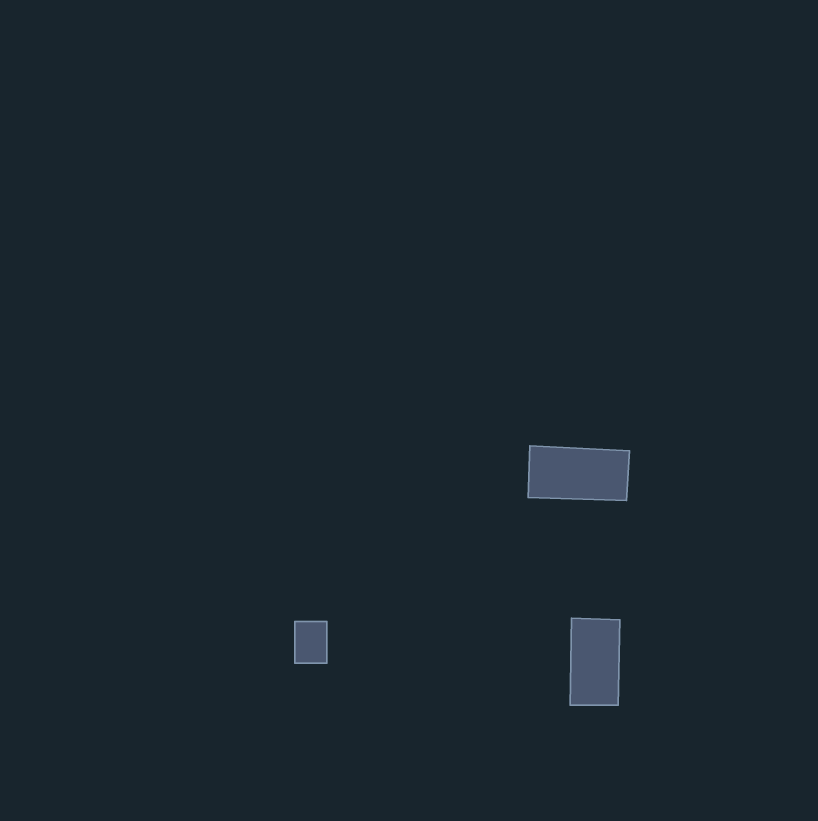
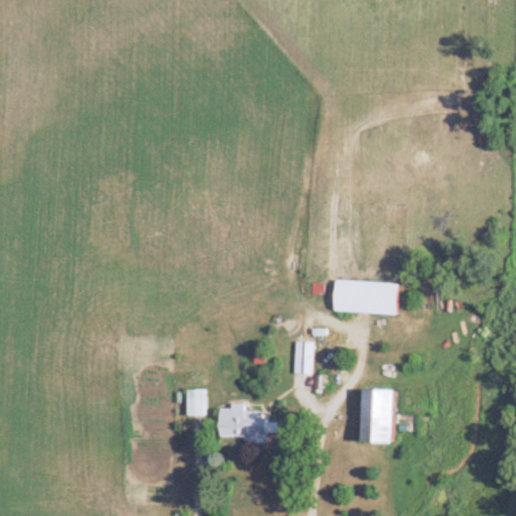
building: none -> [295,341,312,374]
building: none -> [221,403,276,443]

